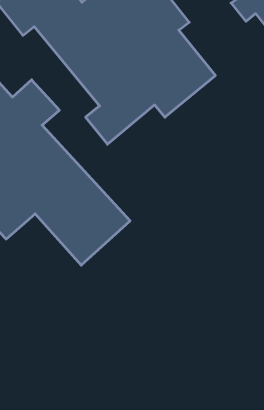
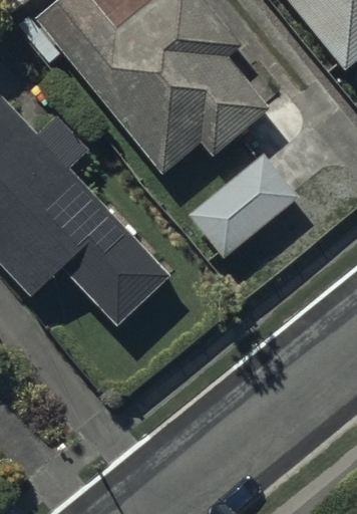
building: none -> [188,152,300,258]

